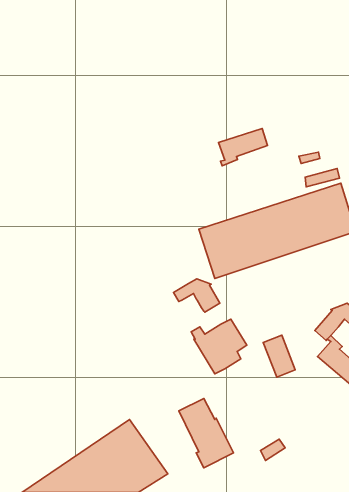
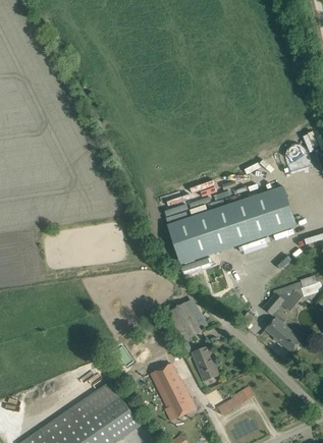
building: [218,128,268,166] -> none
building: [174,279,220,312] -> none
building: [263,335,295,377] -> [192,346,218,381]

